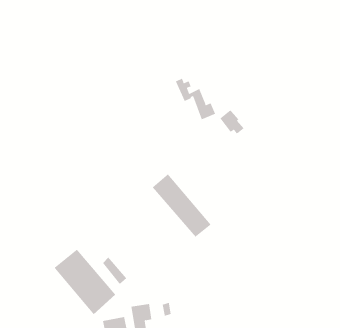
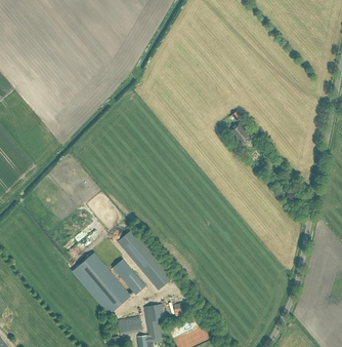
building: [175,78,216,120] -> none
building: [152,173,212,238] -> [116,229,172,290]

